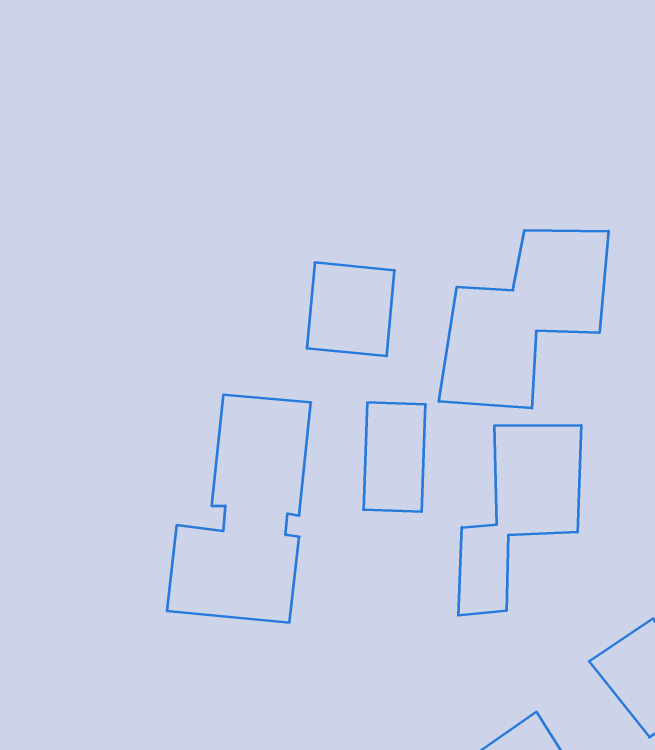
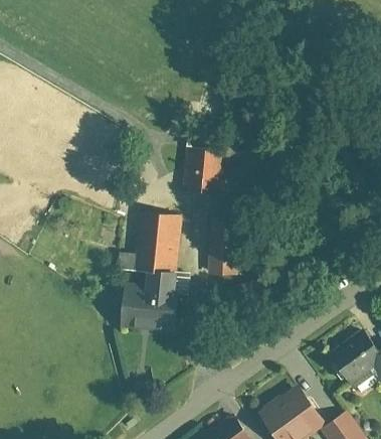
building: [439,230,609,408] -> none
building: [458,425,581,615] -> none

